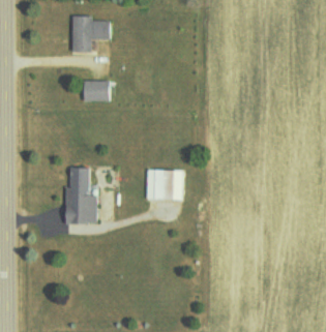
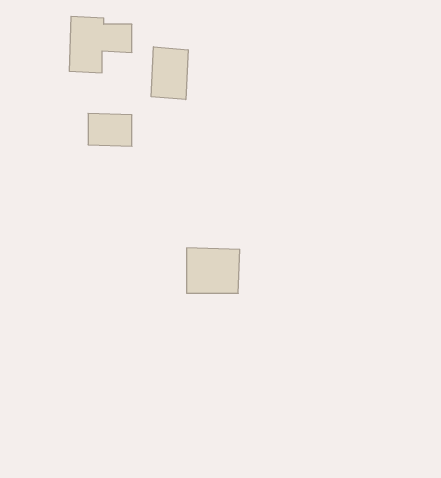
building: none -> [151,47,188,100]
building: [64,168,98,223] -> none

